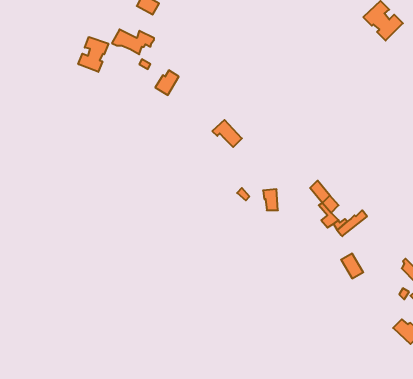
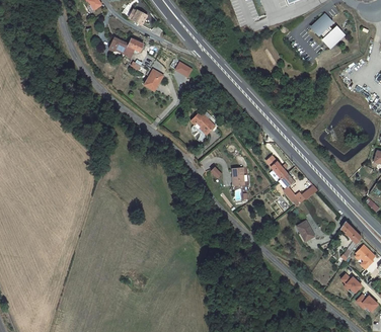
building: [78,37,108,72] -> none

